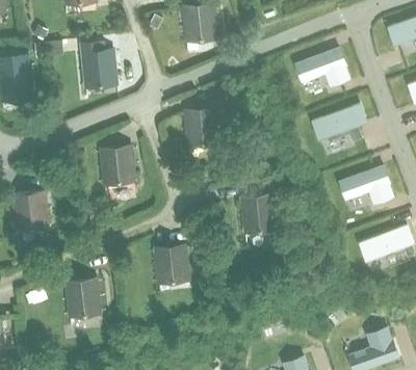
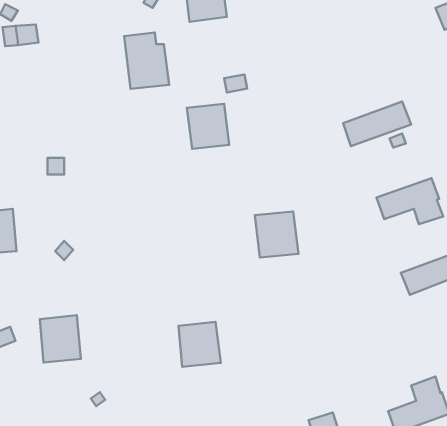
building: [80,41,116,86] -> [124,32,169,89]
building: [295,50,349,87] -> none
building: [100,147,133,183] -> none
building: [155,245,189,282] -> [178,322,221,367]

